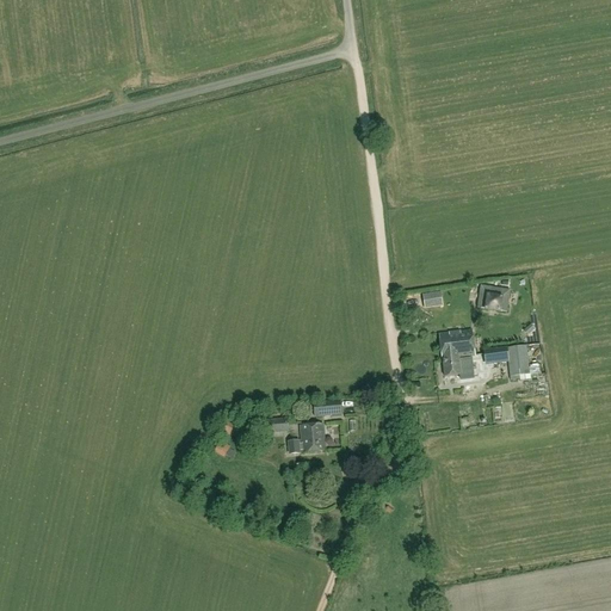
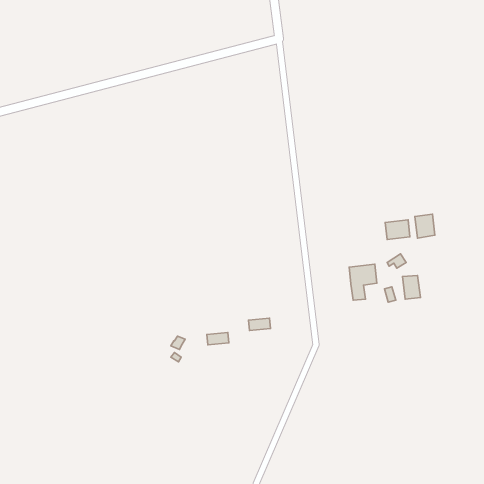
building: none -> [415,214,435,238]
building: [288,425,325,456] -> none

